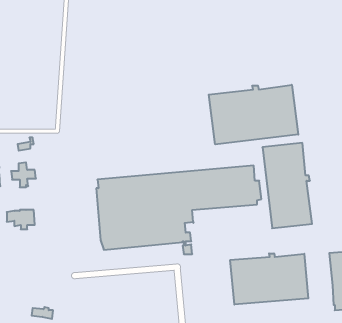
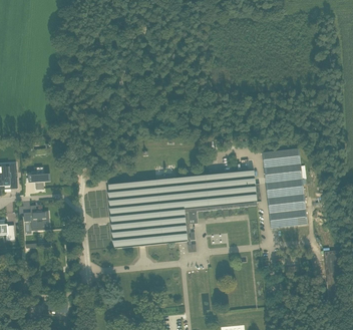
building: [209,85,298,144] -> none
building: [230,253,308,305] -> none

